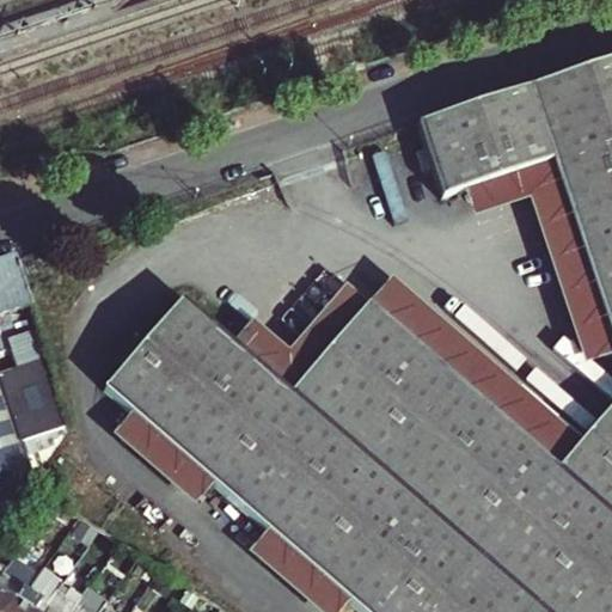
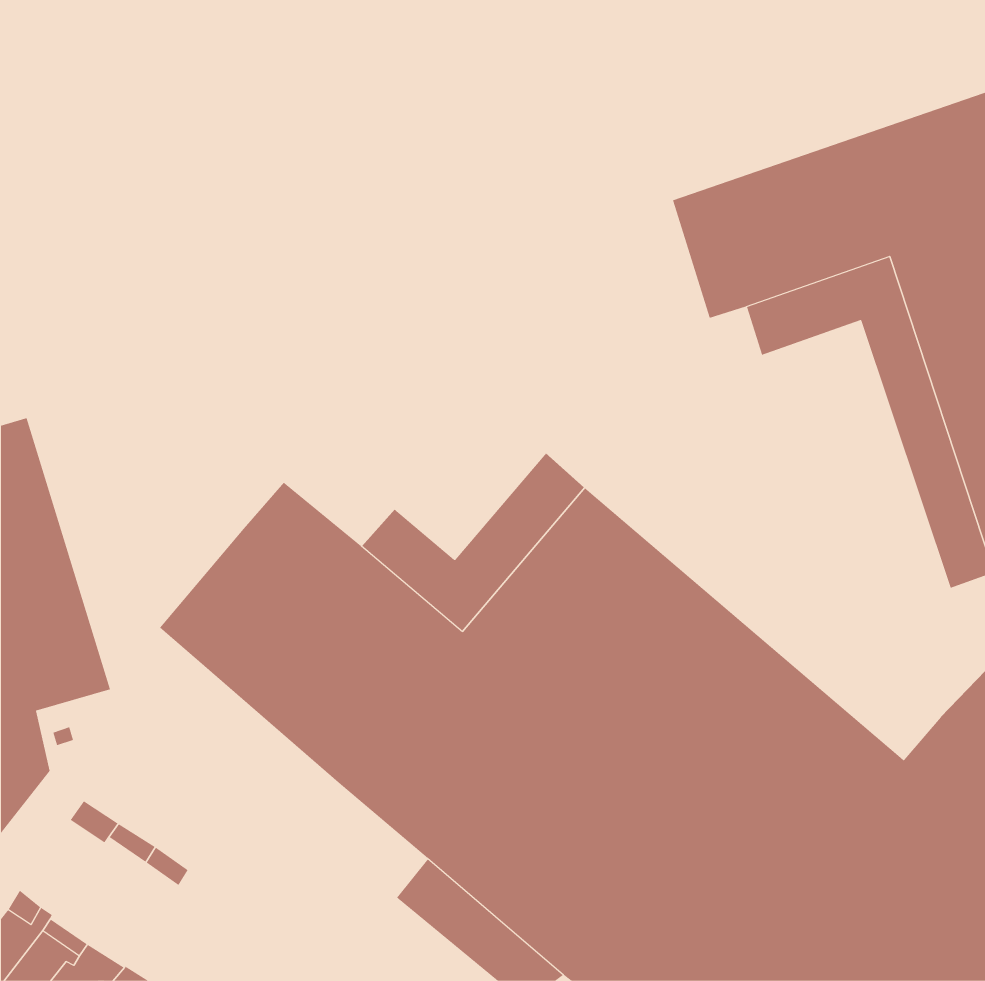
building: [365,274,583,467] -> none
building: [111,410,213,504] -> none

